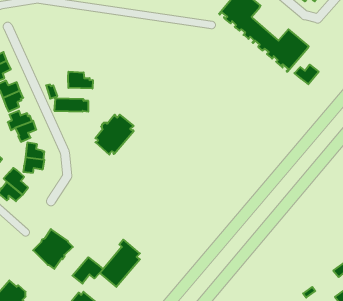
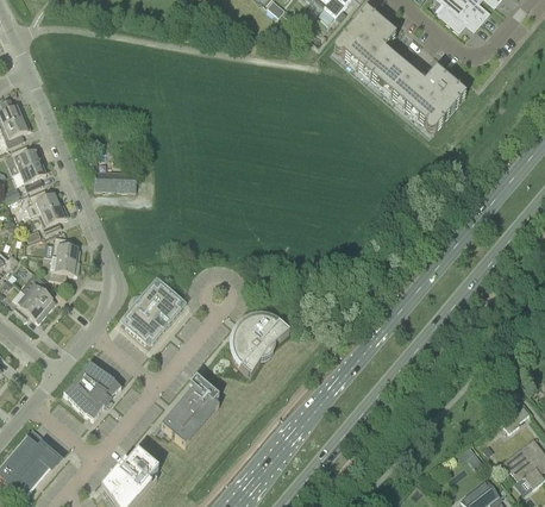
building: [294,65,319,84] -> none
building: [68,72,93,89] -> none
building: [95,115,134,155] -> [125,283,181,342]
building: none -> [232,317,289,376]
building: [72,257,103,284] -> none

